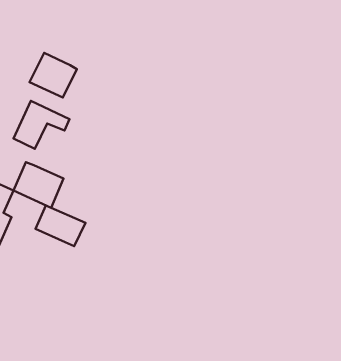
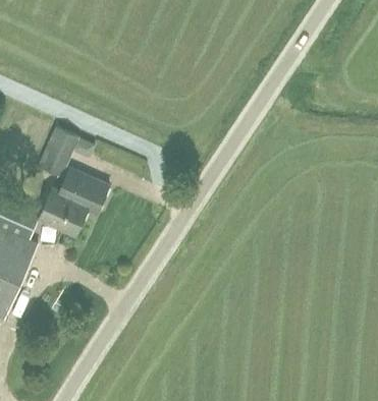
building: [29,53,77,98] -> none
building: [36,206,85,246] -> [59,169,109,210]

